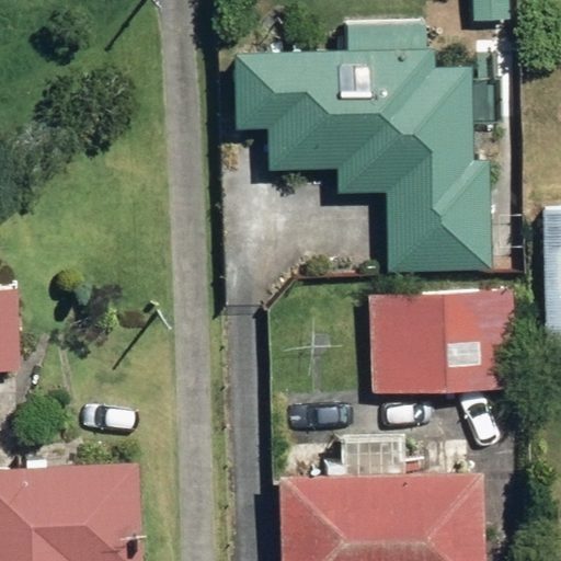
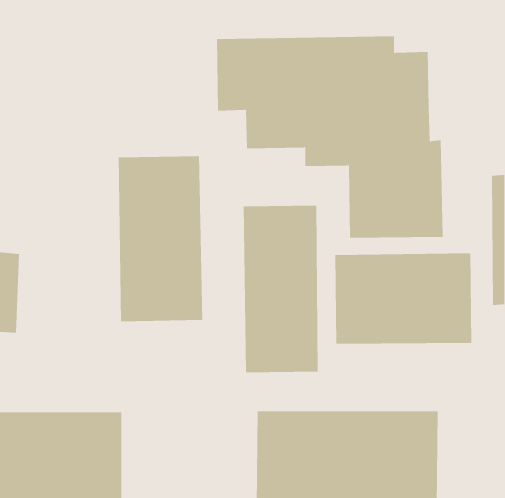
building: none -> [118,155,203,322]
building: none -> [243,205,318,373]

